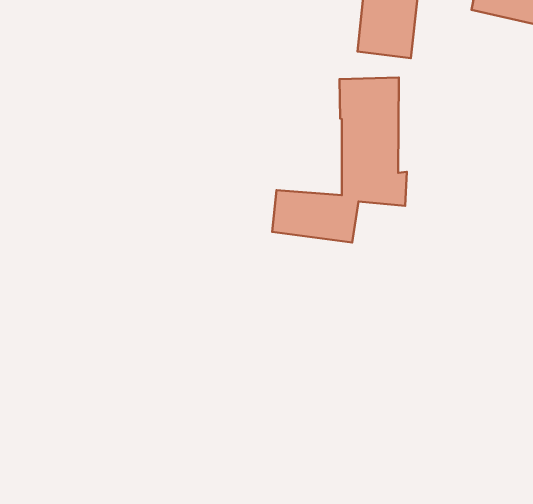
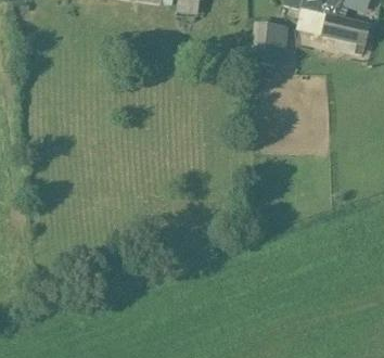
building: [272,77,407,243] -> none

